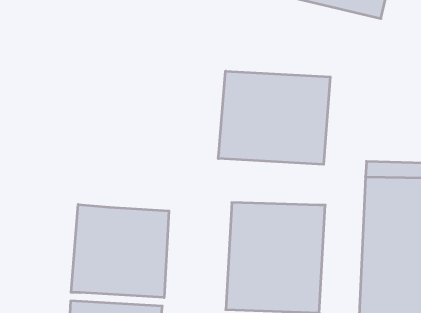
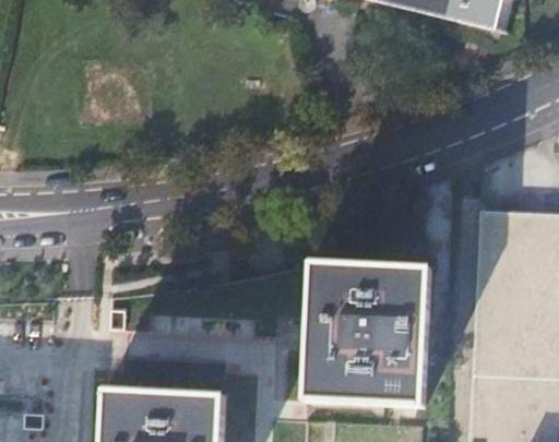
building: [218,71,330,164] -> none
building: [71,204,169,298] -> none

